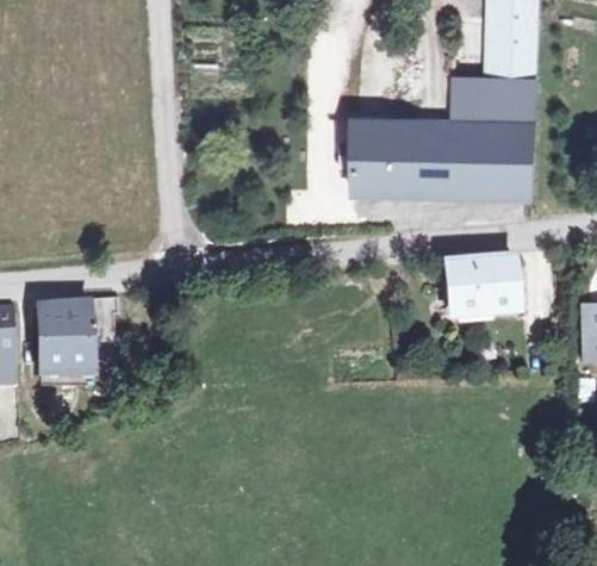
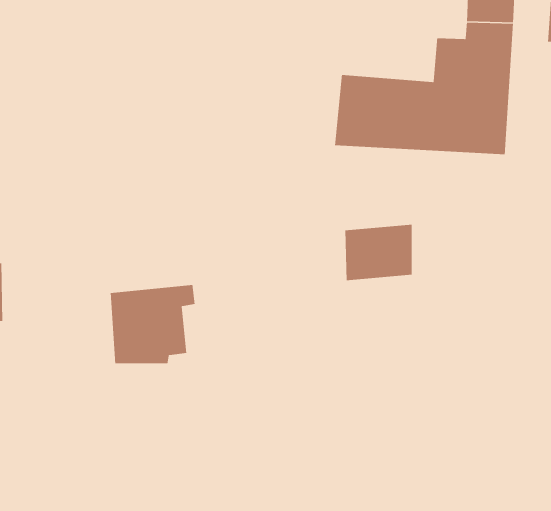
building: [444,253,512,310] -> [345,224,412,281]
building: [38,296,124,375] -> [110,284,196,364]

